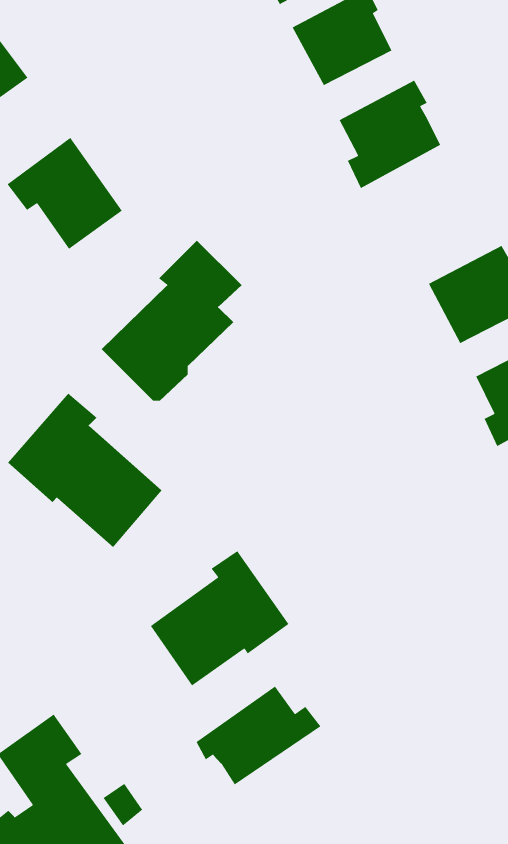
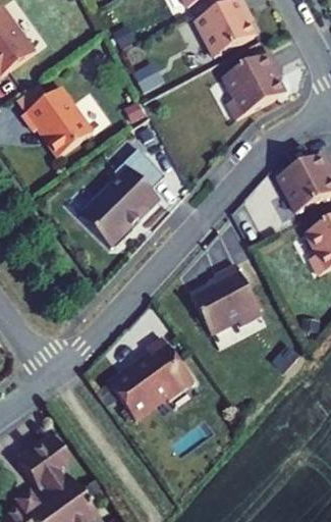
building: [7,393,163,548] -> none
building: none -> [189,263,261,333]
building: [195,686,322,786] -> none

